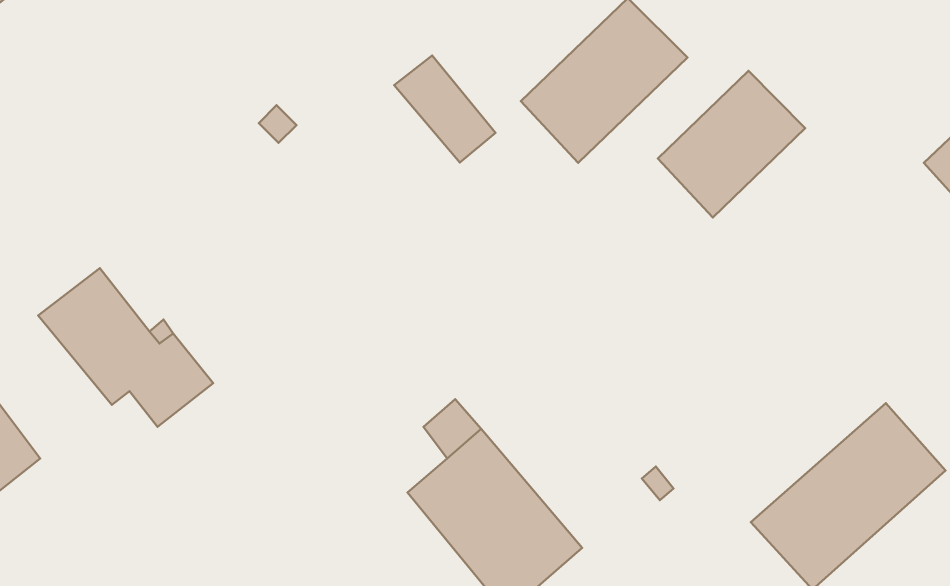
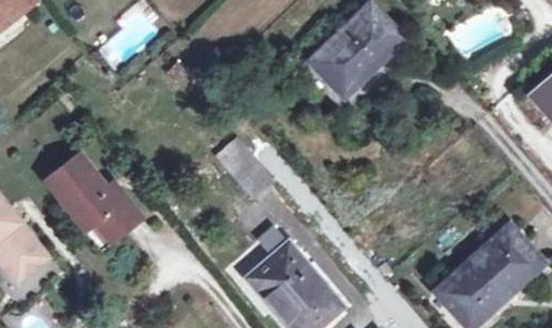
building: [394,55,496,163] -> [215,138,271,197]
building: [658,71,805,217] -> none

